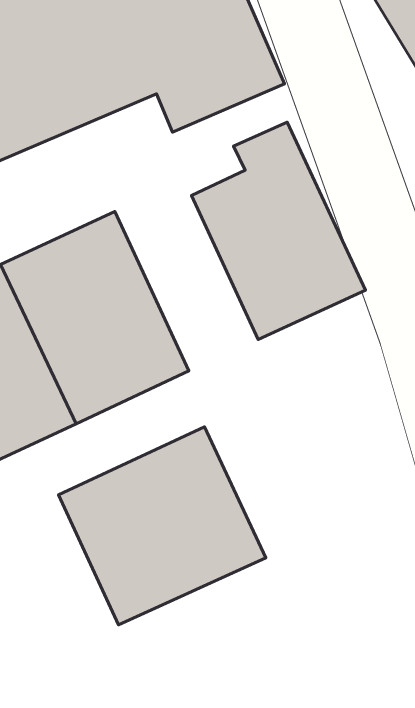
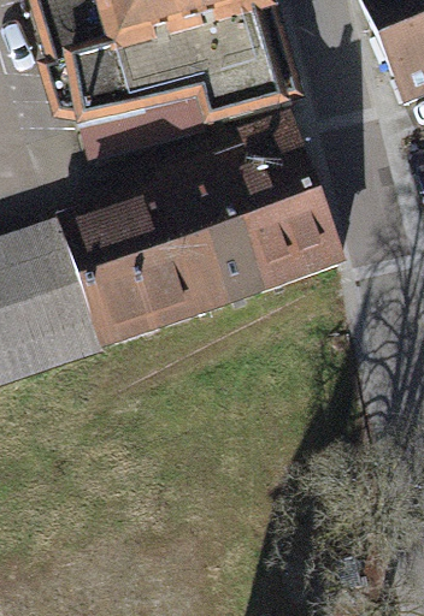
building: none -> [153,176,258,318]
building: [58,427,266,625] -> none

